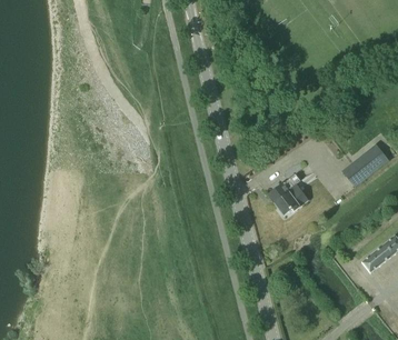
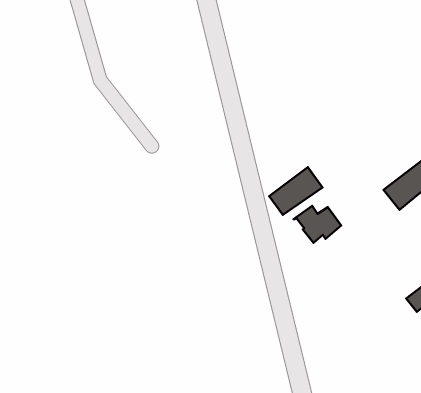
building: none -> [269,167,323,215]

